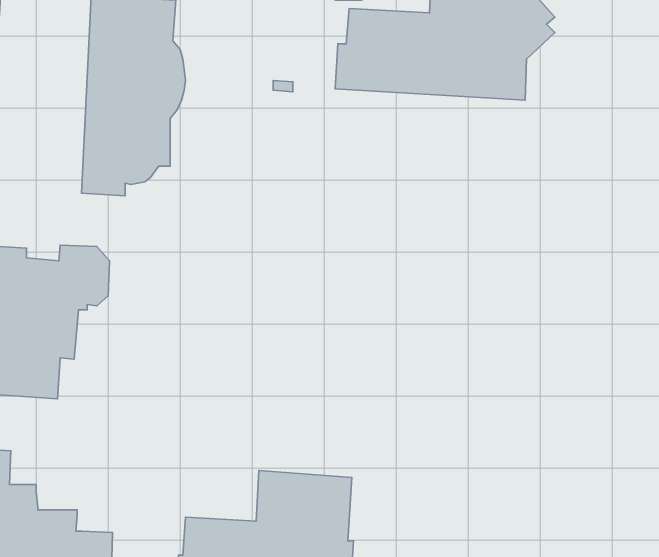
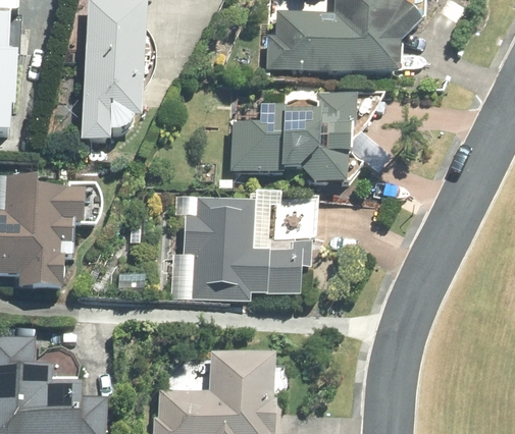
building: none -> [230,96,357,186]
building: none -> [181,195,311,302]

